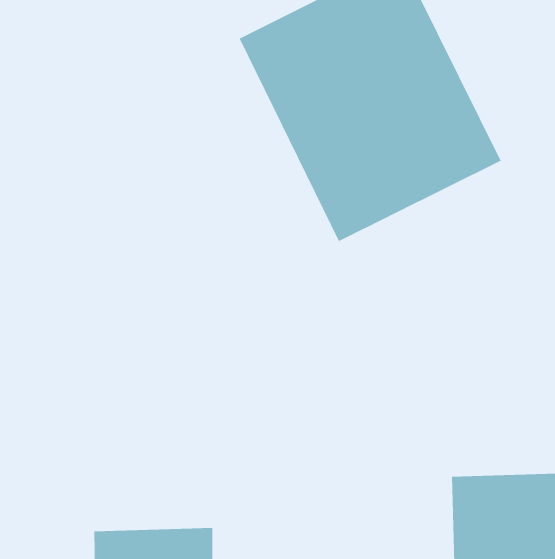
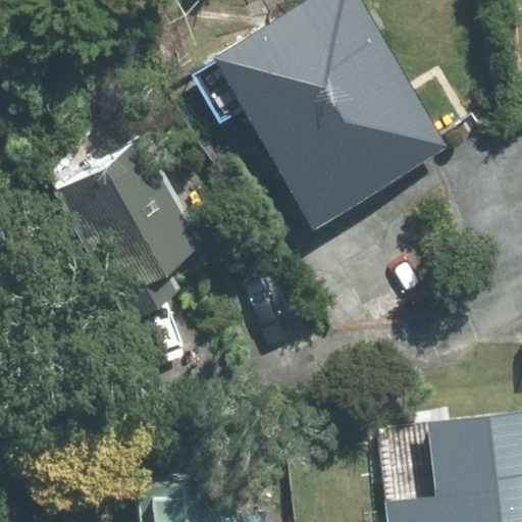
building: none -> [54,140,206,335]

